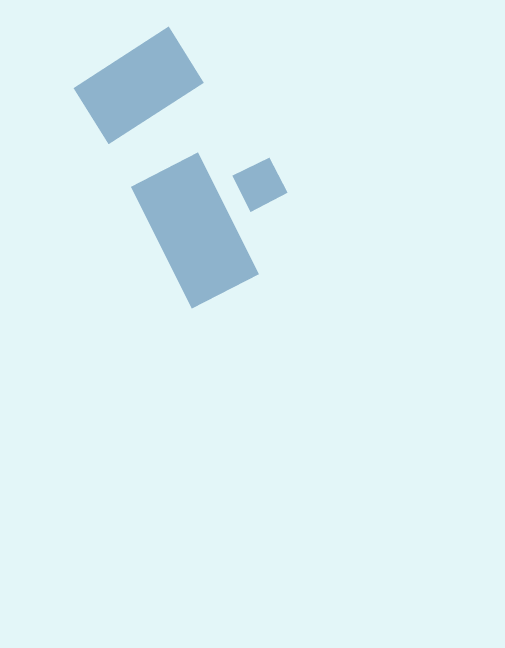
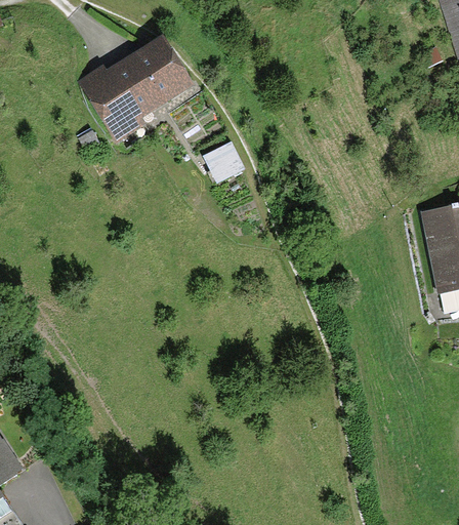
building: [130,151,260,310] -> none

